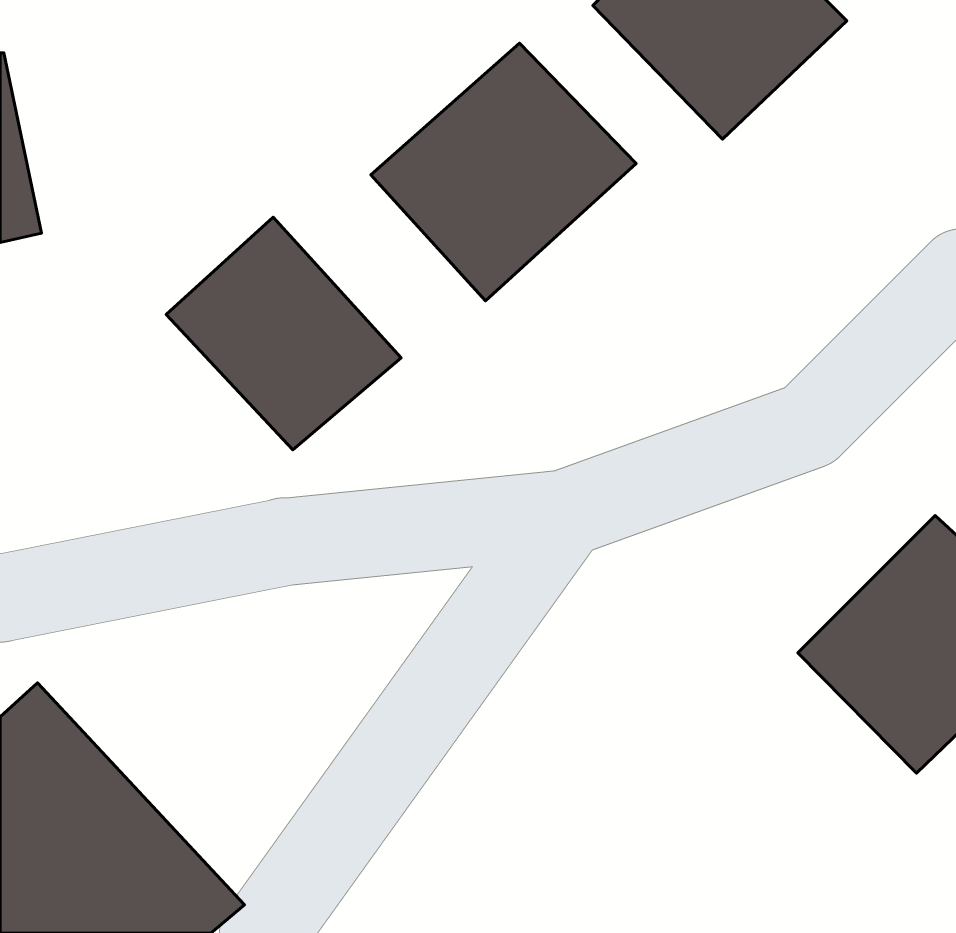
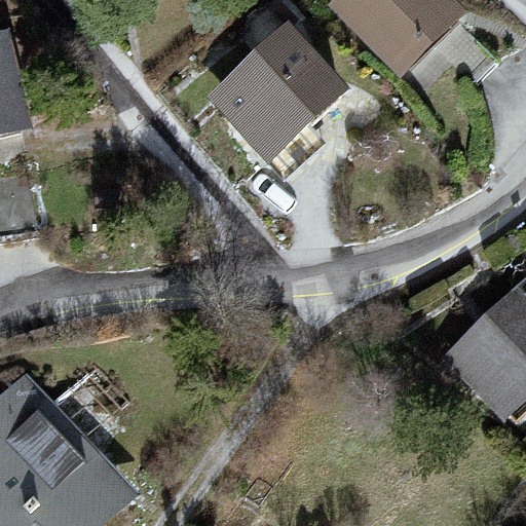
building: [166,217,401,450] -> none

